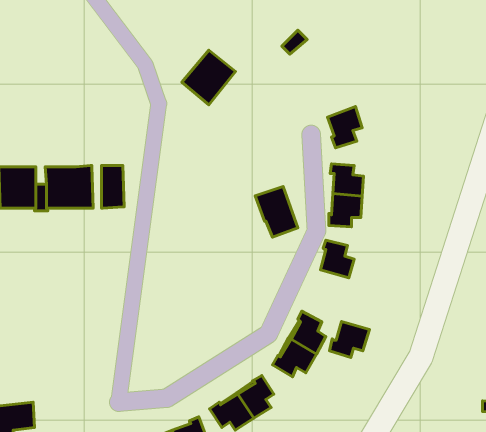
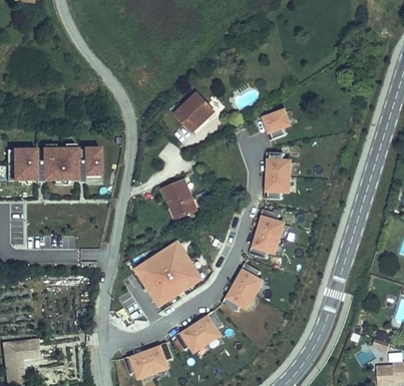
building: [182,50,235,105] -> [178,92,219,133]
building: [255,186,298,237] -> [167,181,199,220]
building: none -> [136,245,198,306]
building: [330,321,370,357] -> [247,231,277,258]

